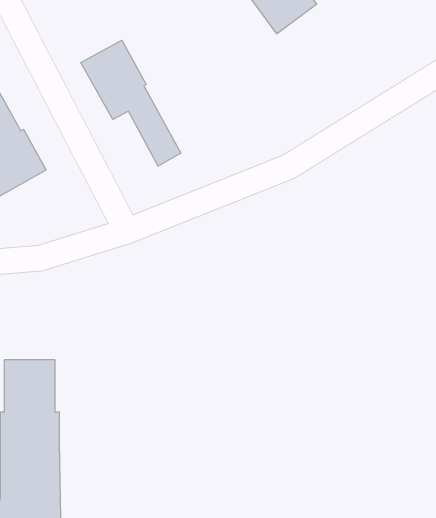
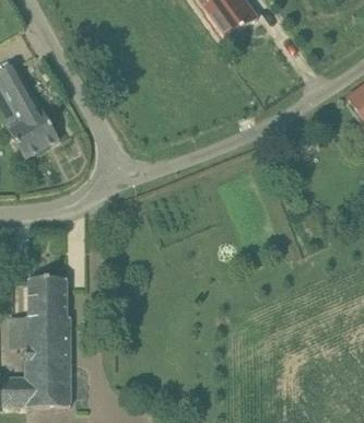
building: [81,40,181,166] -> none

